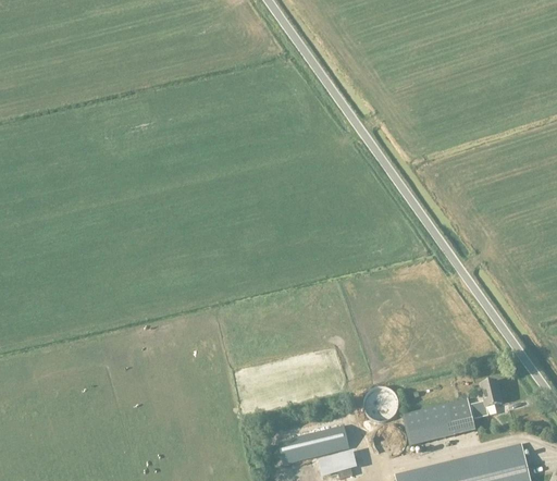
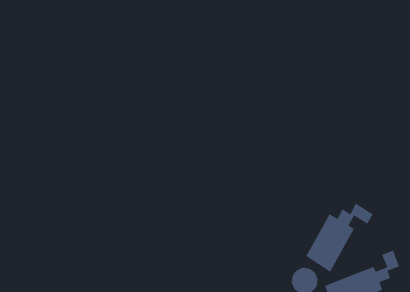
building: none -> [305,203,374,273]

